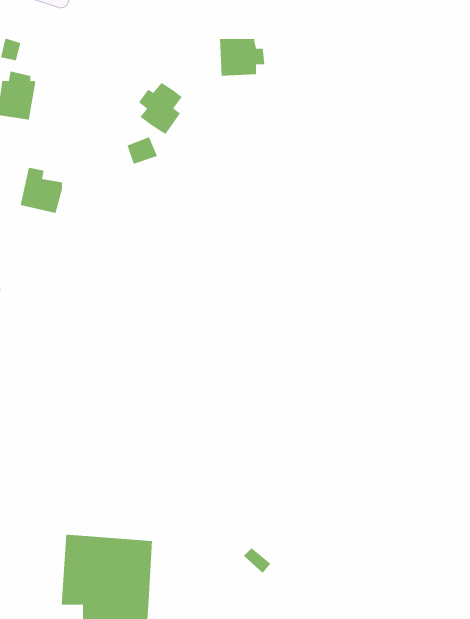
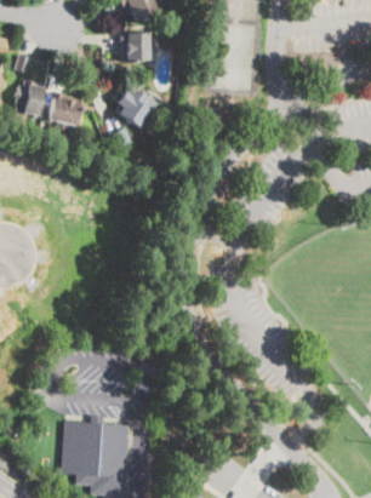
building: [219,38,265,76] -> [122,34,156,62]
building: [20,167,63,213] -> [50,92,81,126]

